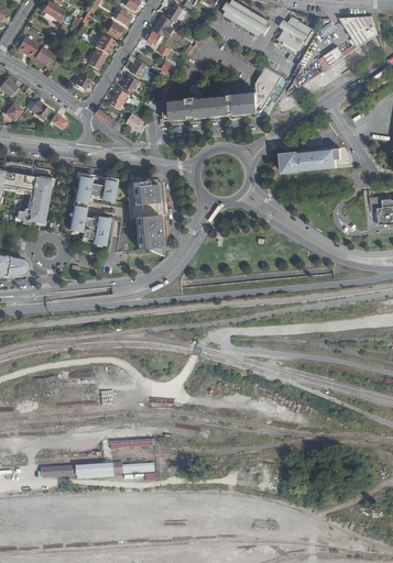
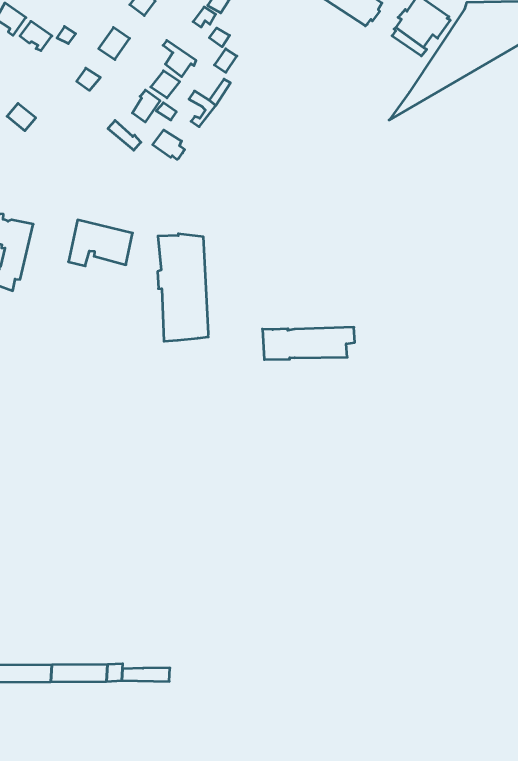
building: [160,65,282,124] -> none
building: [280,147,340,172] -> [262,327,355,360]
building: [68,206,108,244] -> none

